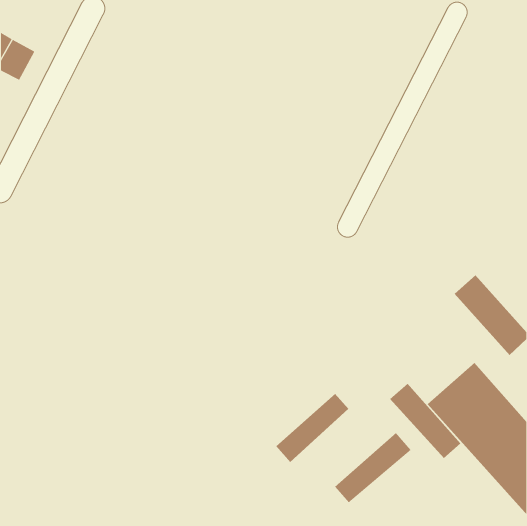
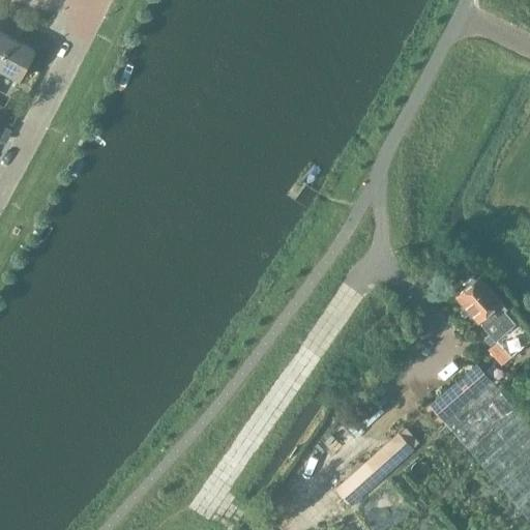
building: [389,383,461,459] -> none
building: [275,393,349,463] -> none

